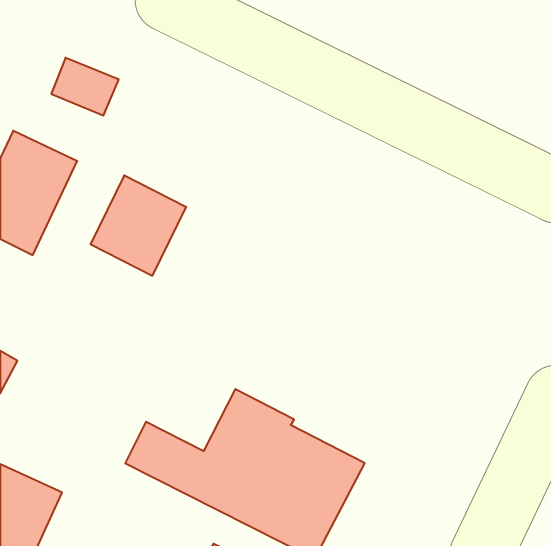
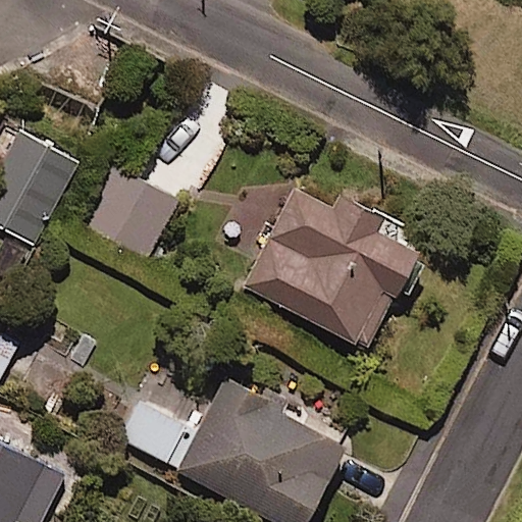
building: none -> [238,176,420,350]

